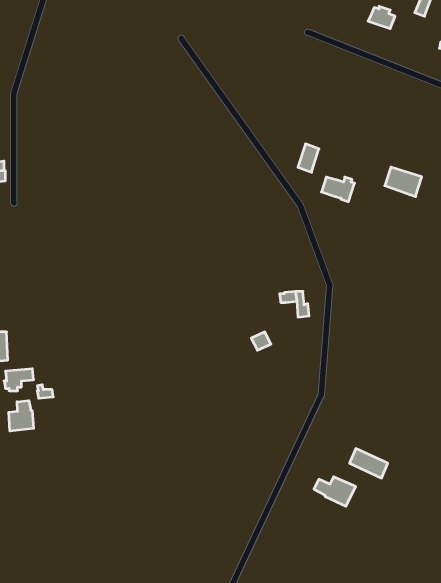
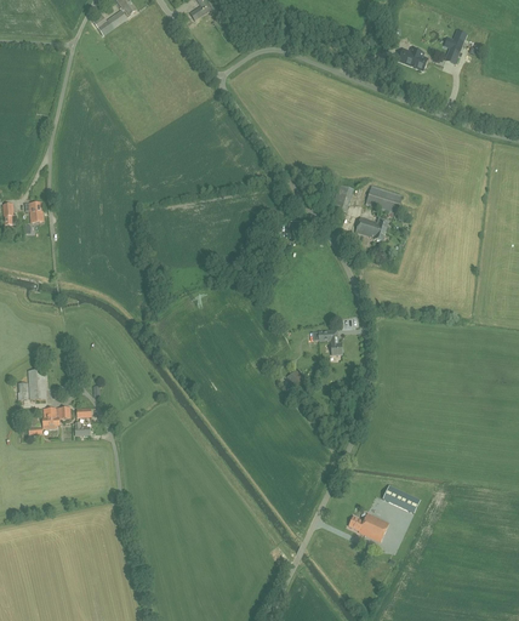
building: [385,167,422,197] -> [365,184,401,213]
building: [9,401,34,431] -> none

